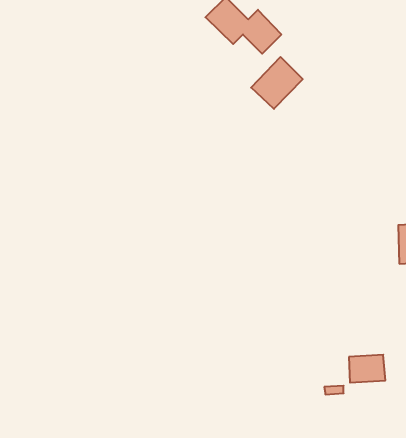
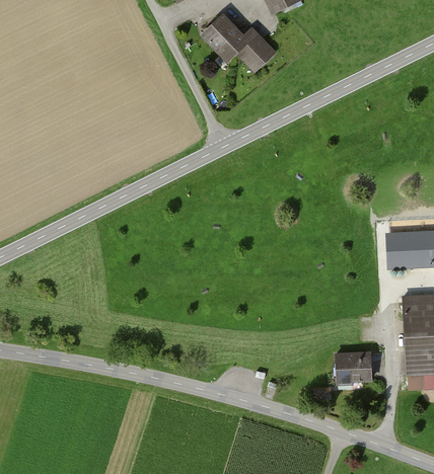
building: [251,57,303,109] -> none

